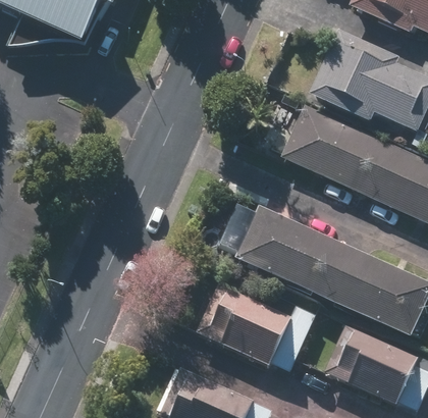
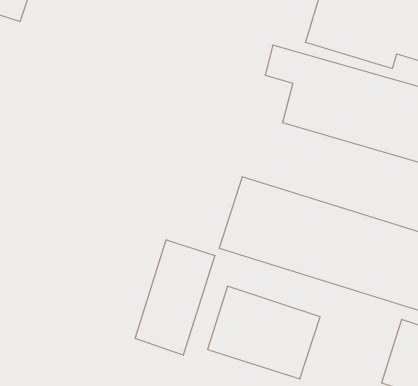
building: none -> [135,240,215,355]

